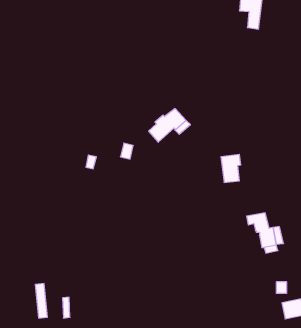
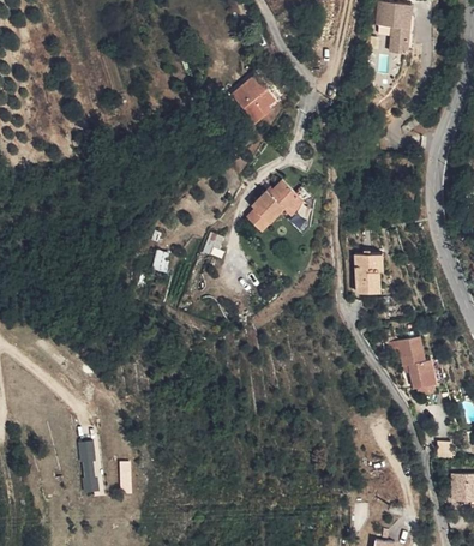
building: none -> [238,71,282,118]

